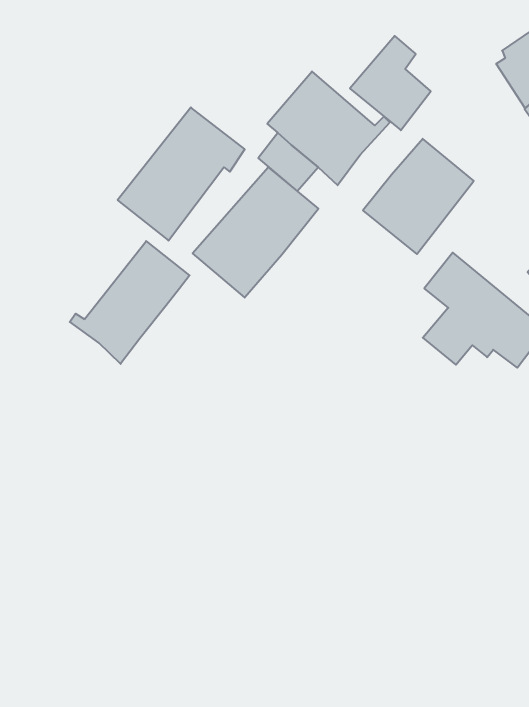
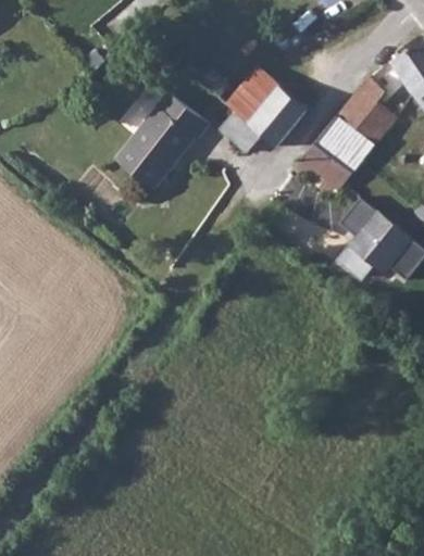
building: [350,36,431,130] -> [338,76,397,144]
building: [193,167,318,298] -> none
building: [70,241,190,364] -> none

